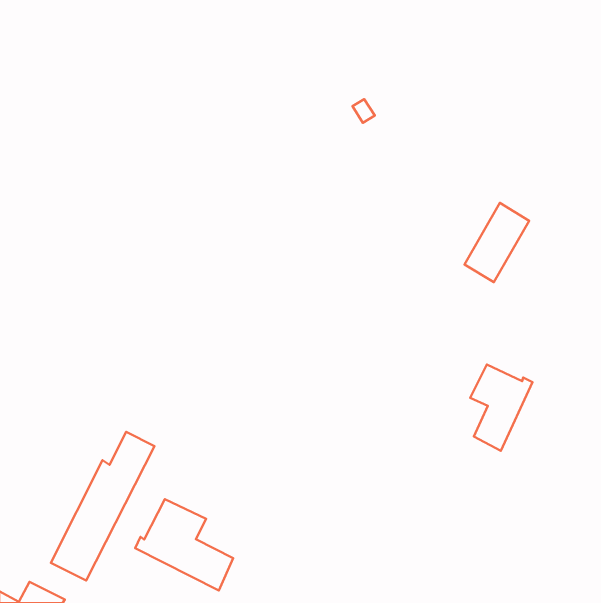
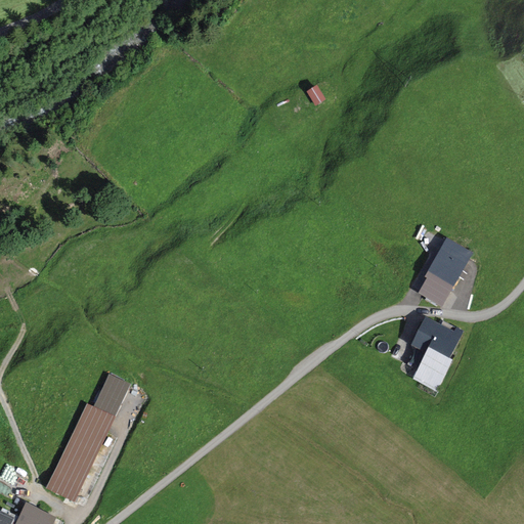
building: [464,203,529,282] -> [416,237,472,306]
building: [135,499,233,591] -> none

